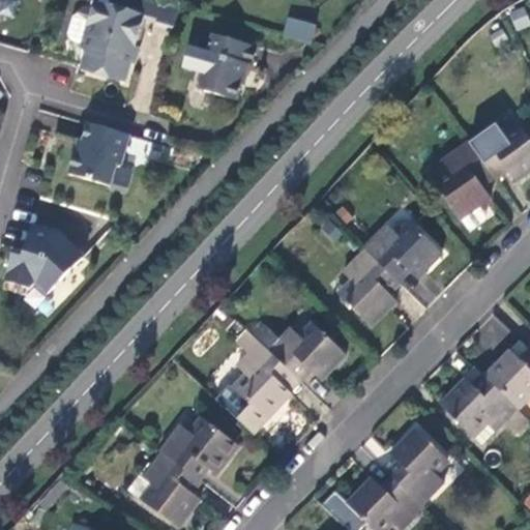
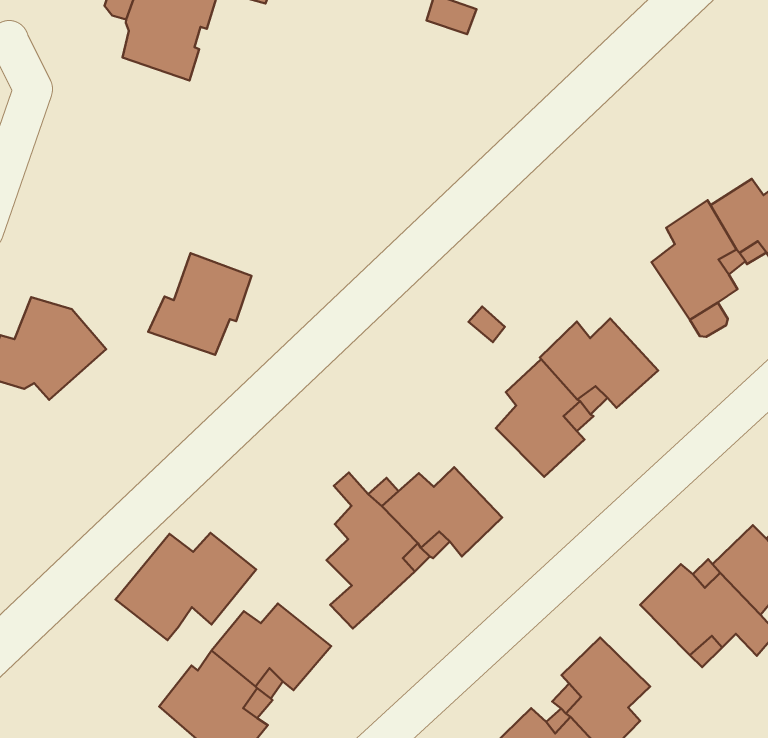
building: [192,29,257,98] -> none
building: [64,120,129,185] -> [148,253,251,355]
building: none -> [115,533,256,640]

